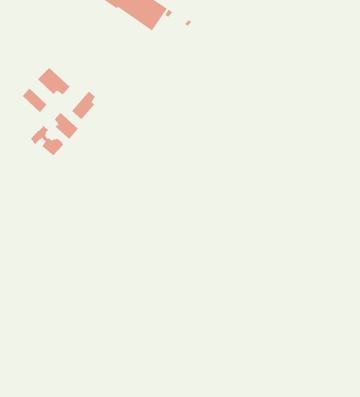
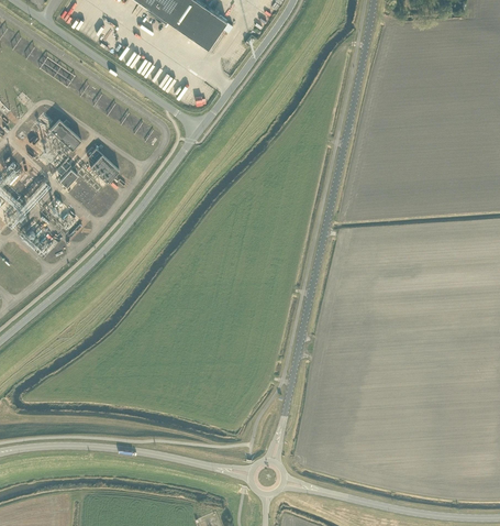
building: [37,67,71,95] -> none
building: [71,90,96,120] -> none

